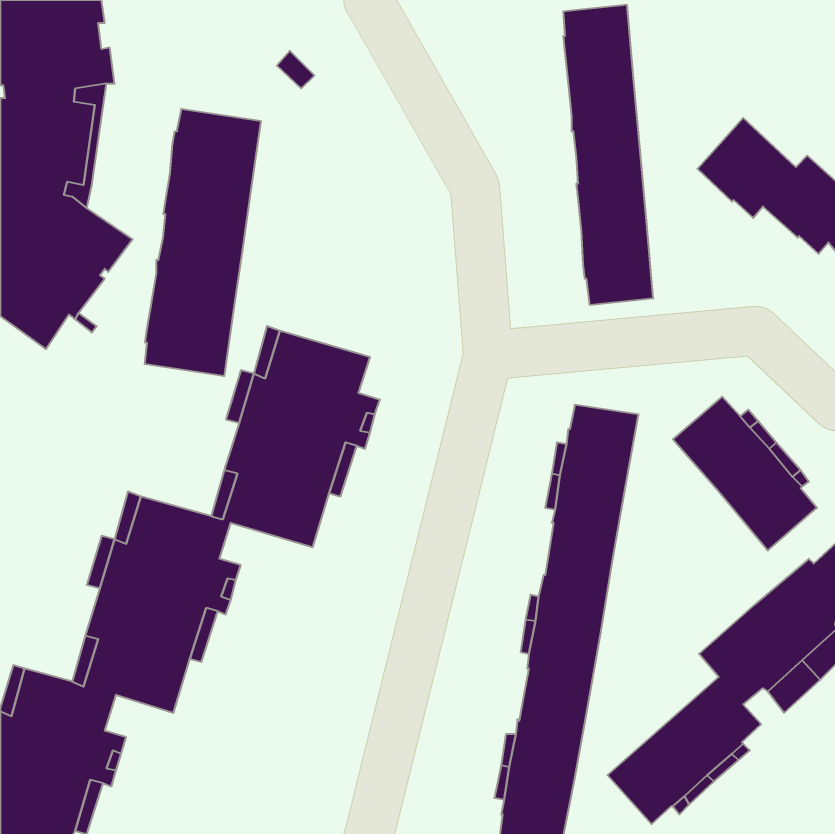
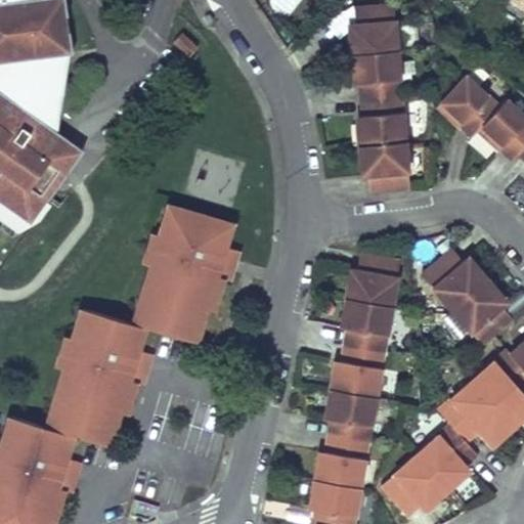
building: [145,109,261,376] -> none

